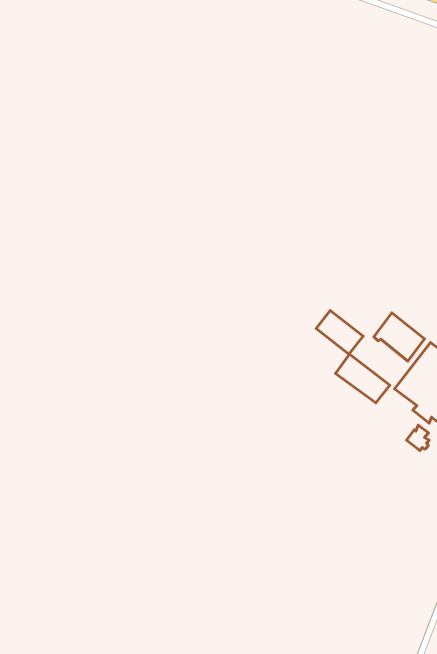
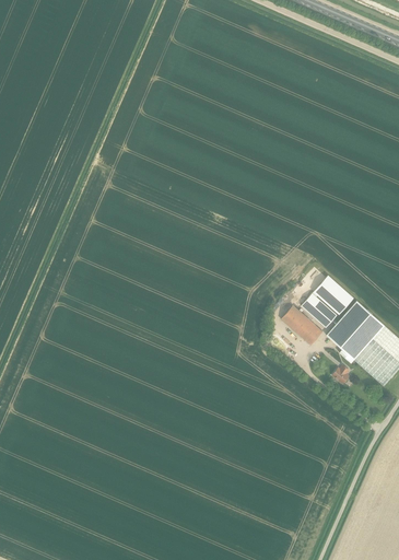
building: [316,310,363,354] -> [298,290,335,325]

